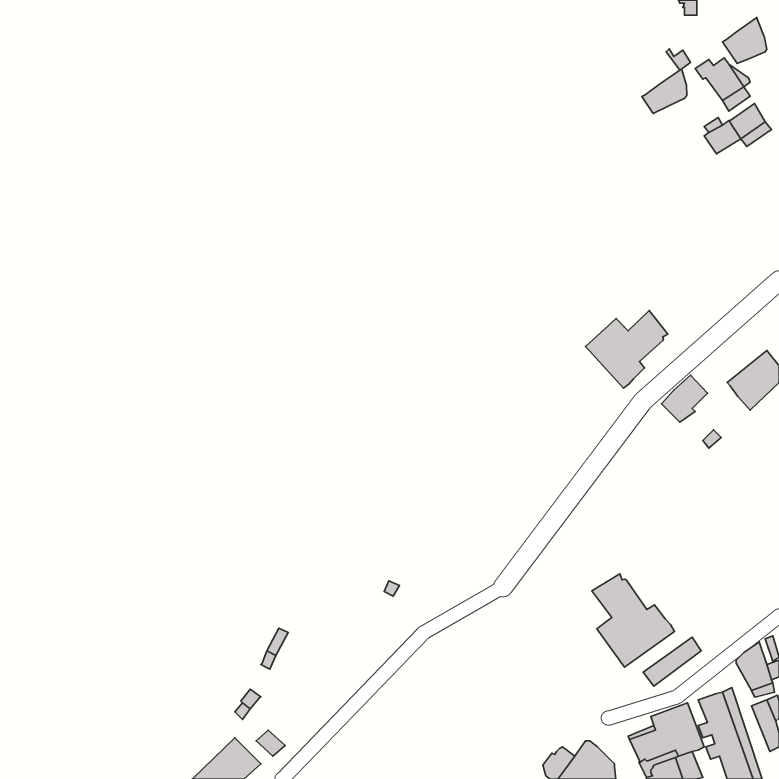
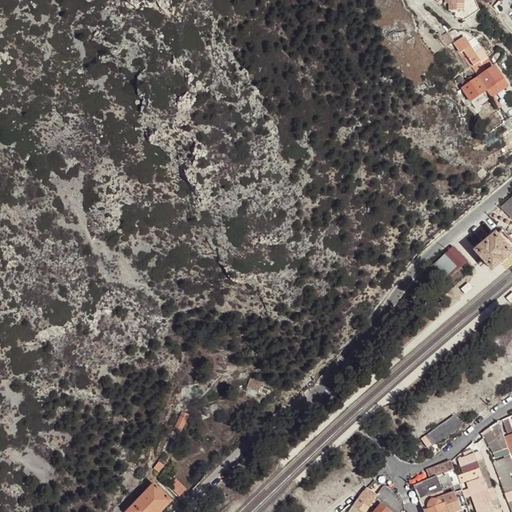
building: [723,18,767,64] -> none
building: [642,69,687,114] -> none
building: [586,311,668,388] -> none
building: [592,574,674,667] -> none

